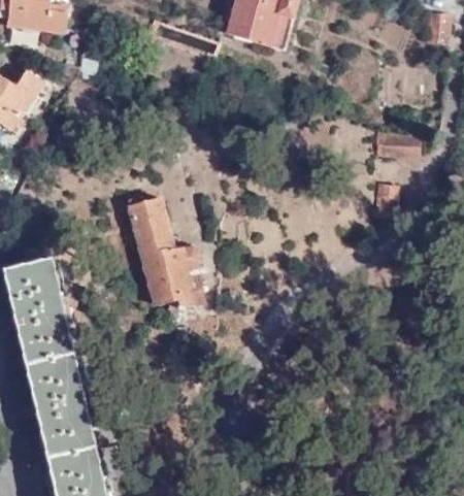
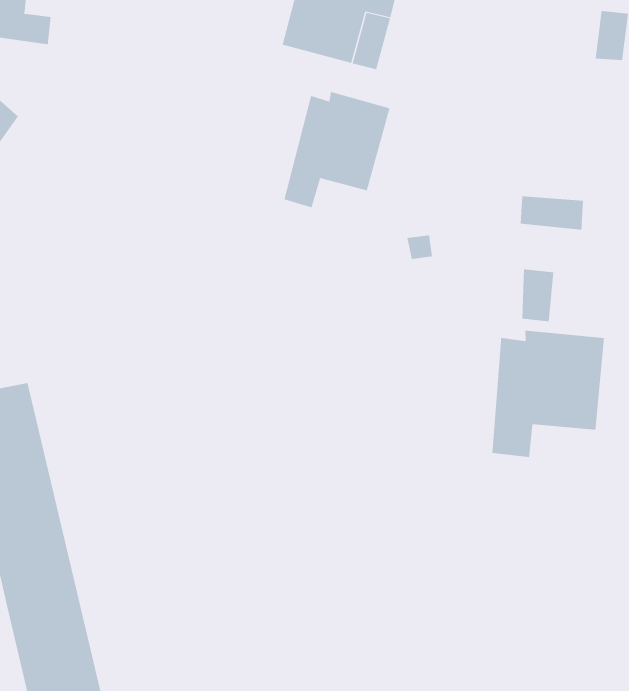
building: none -> [284,91,390,208]
building: [127,194,204,321] -> none
building: none -> [492,330,604,458]

